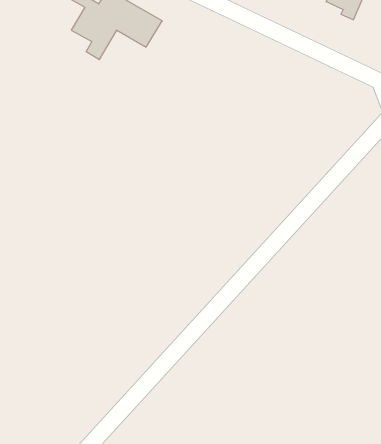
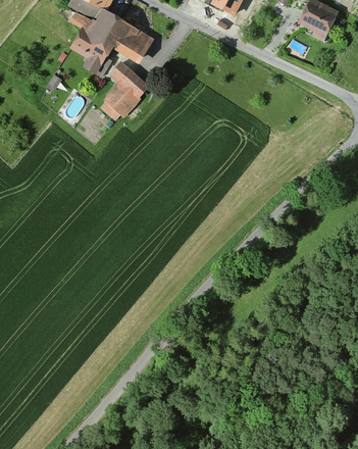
building: none -> [105,61,149,114]

